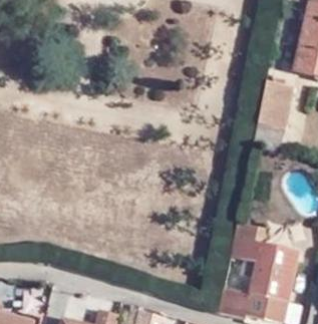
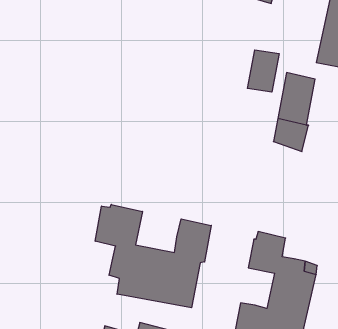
building: none -> [247,50,279,92]
building: none -> [95,204,211,308]

